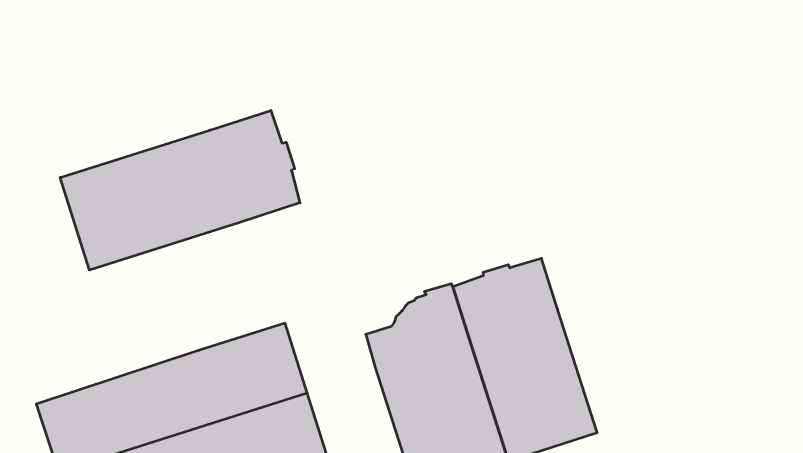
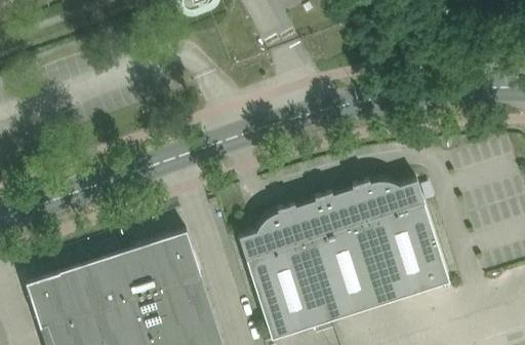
building: [60,110,300,270] -> none
building: none -> [352,182,449,303]

